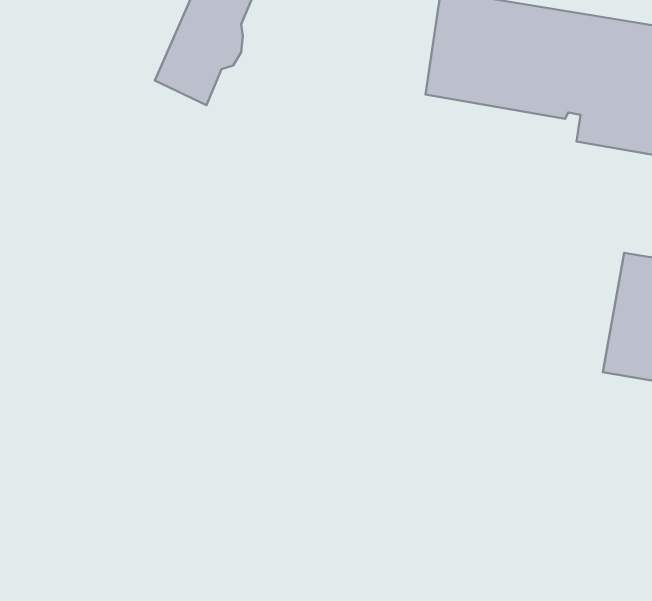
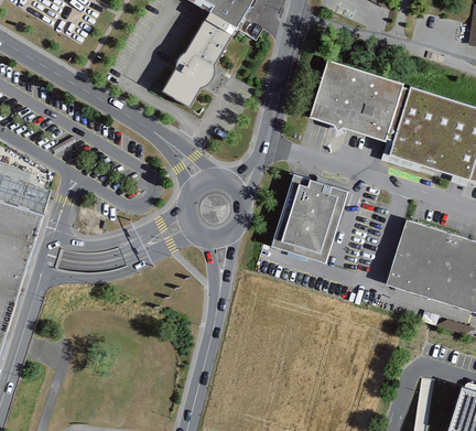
building: none -> [270,173,346,263]

